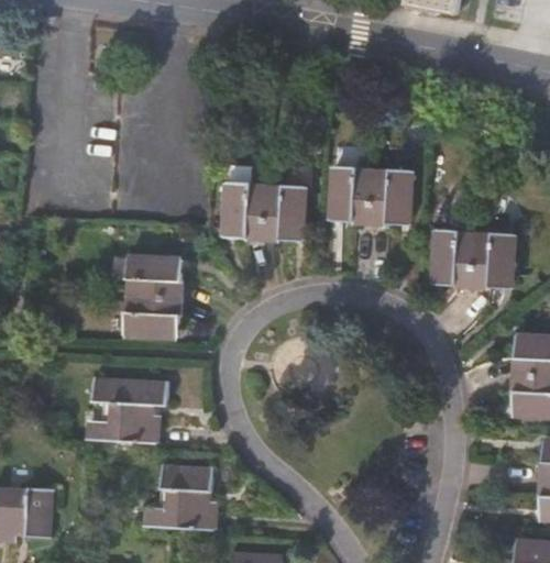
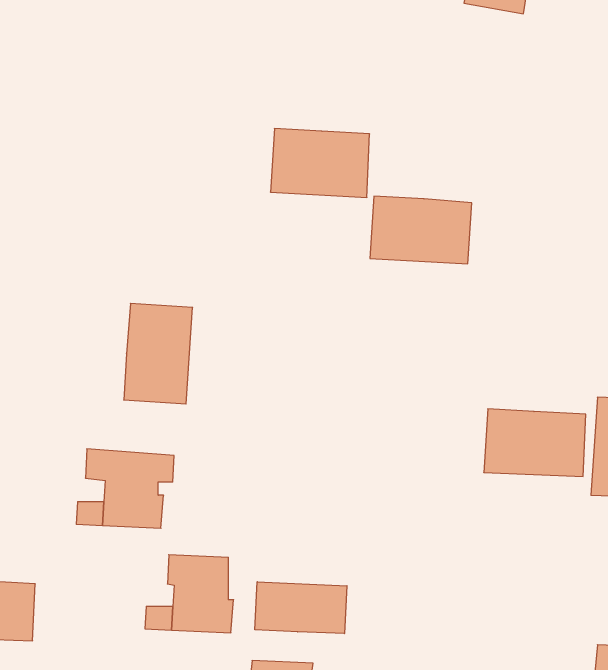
building: [223,183,306,240] -> [270,129,370,197]
building: [431,230,516,286] -> [484,409,586,476]
building: none -> [255,582,347,634]

